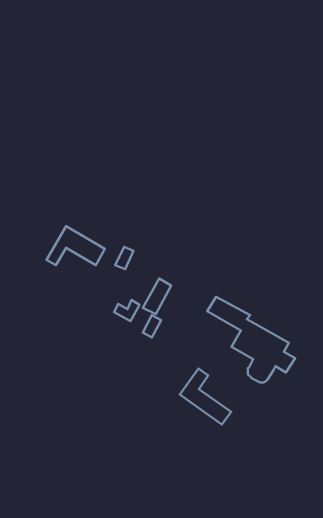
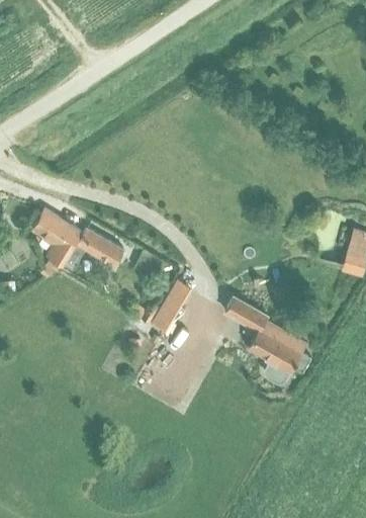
building: none -> [32,209,81,271]
building: [180,368,231,424] -> none

